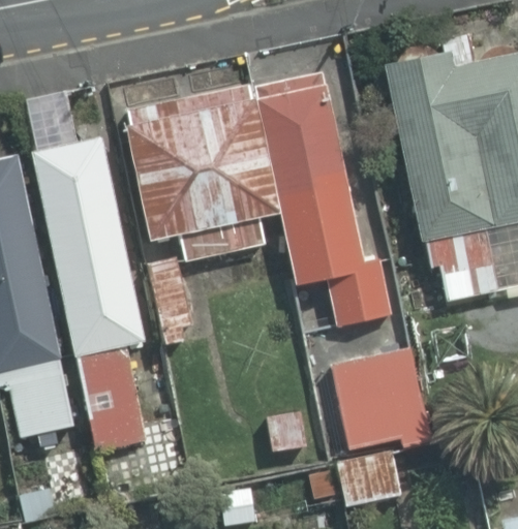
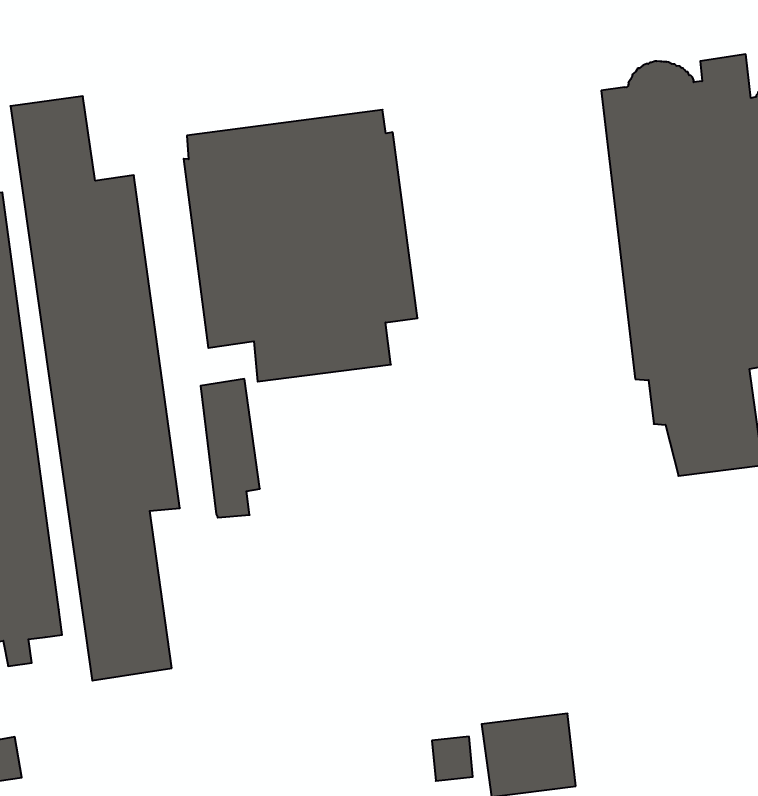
building: [257,72,390,324] -> none
building: [329,347,431,450] -> none

